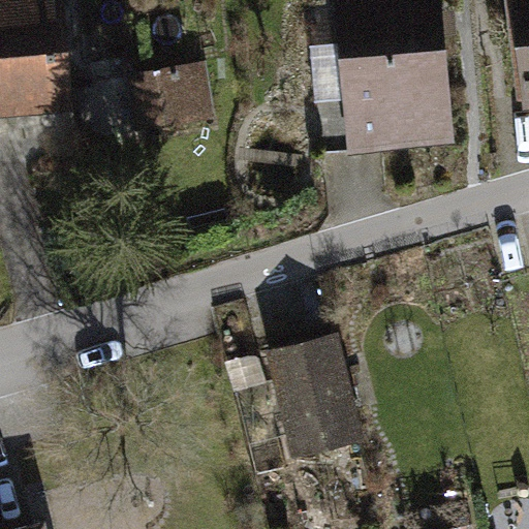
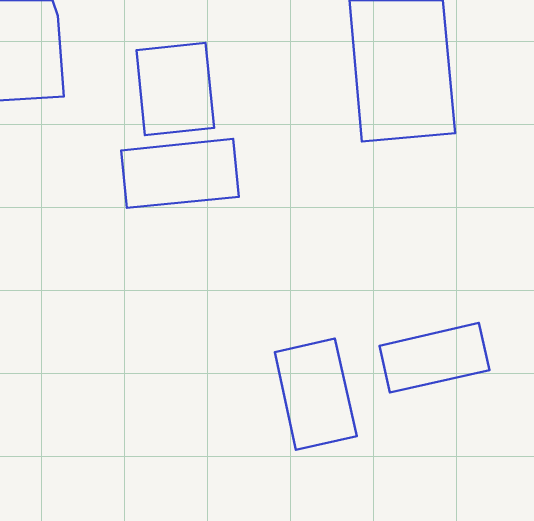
building: none -> [121,139,239,208]
building: none -> [379,323,490,392]

